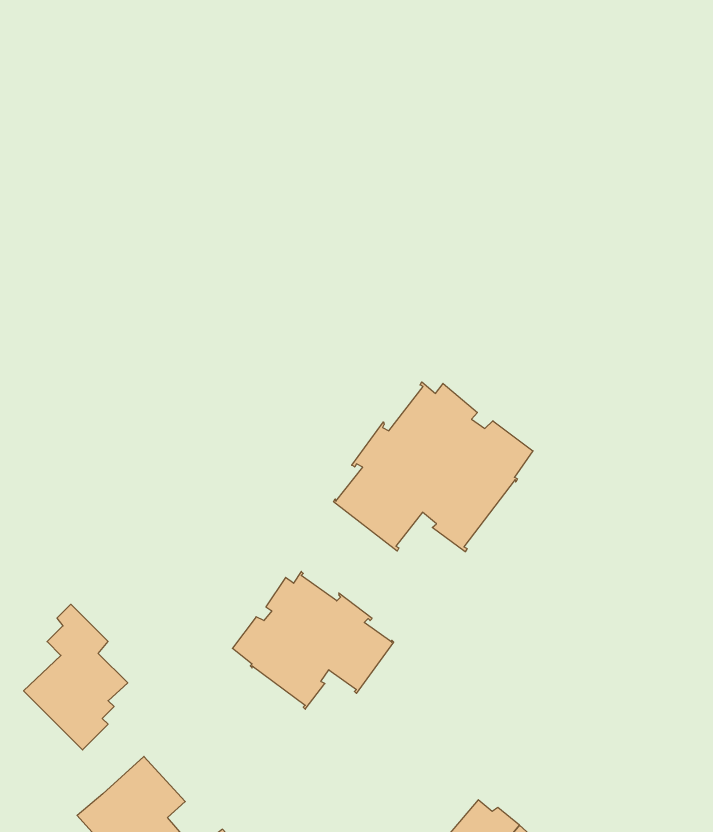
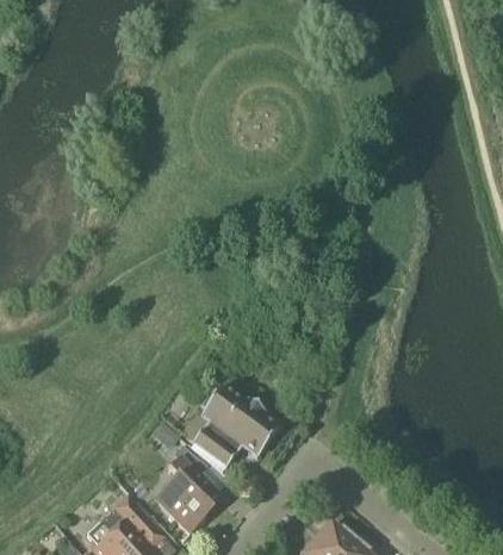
building: [334,382,533,552] -> none
building: [24,604,128,750] -> [155,444,218,532]

